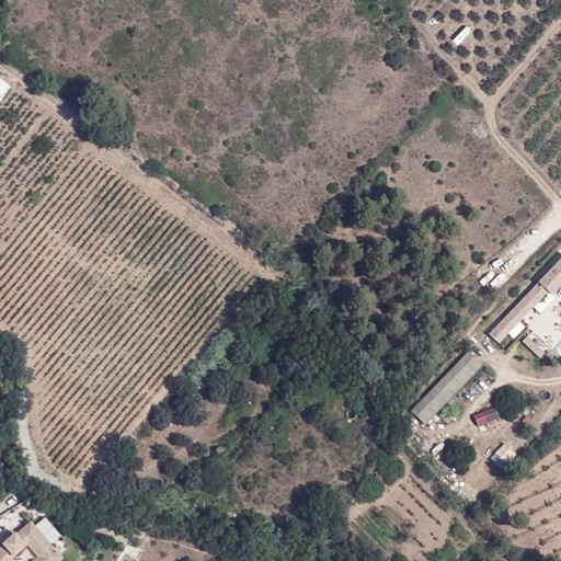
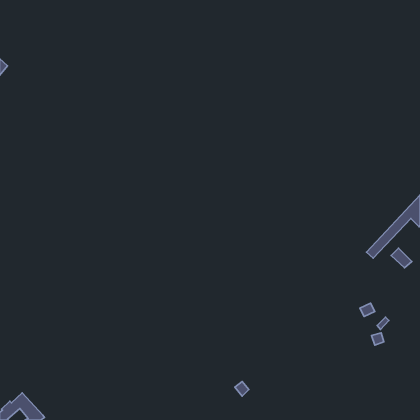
building: [410,352,481,425] -> none

